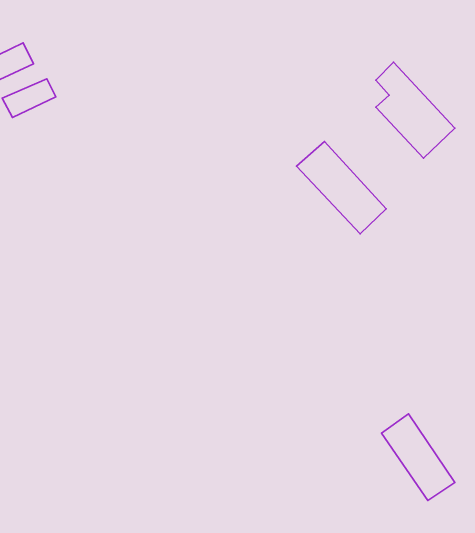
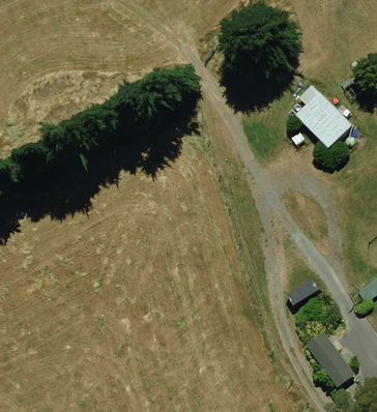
building: [297,142,386,234] -> none

